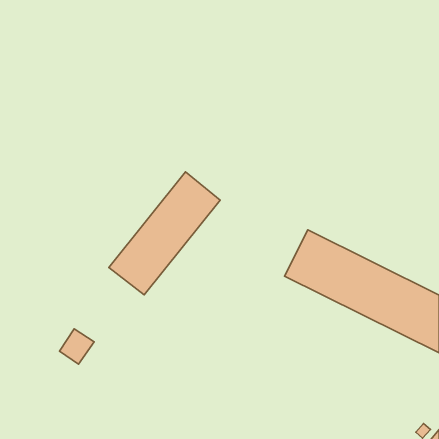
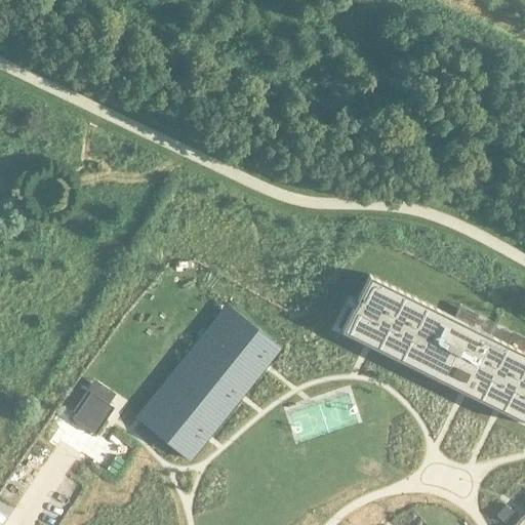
building: [109,172,220,295] -> [146,314,278,460]

